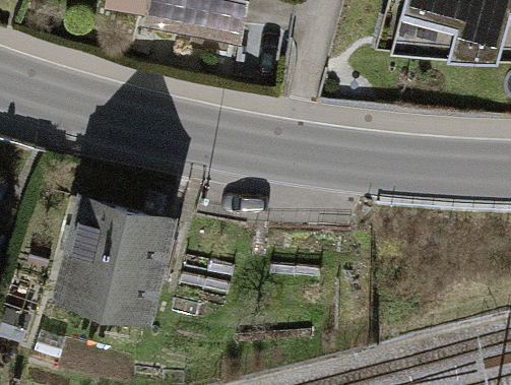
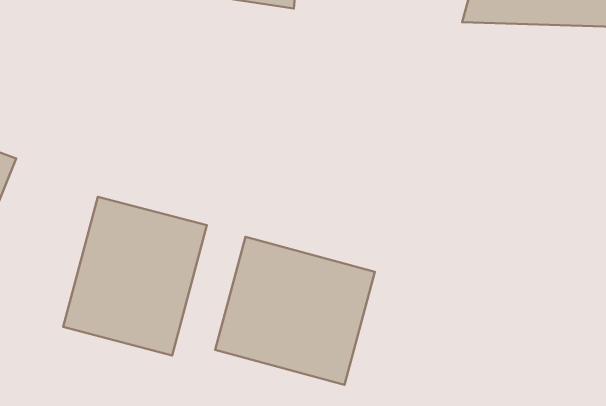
building: none -> [215,237,375,385]

